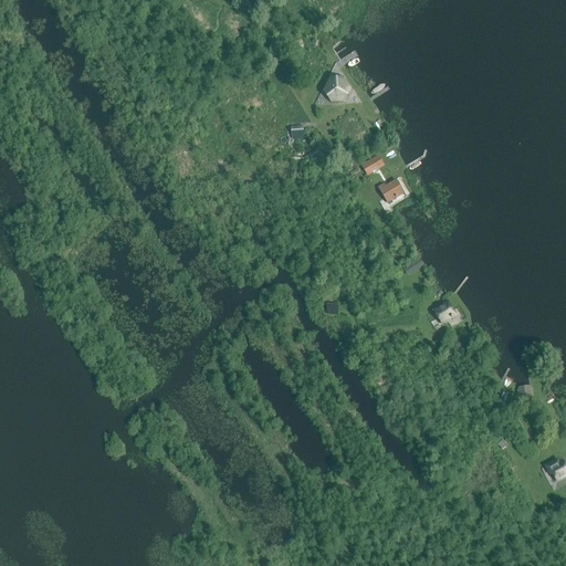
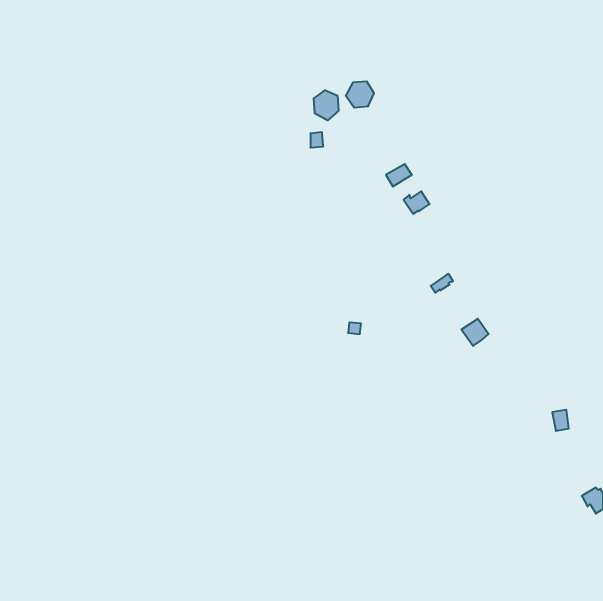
building: none -> [314,90,339,120]

